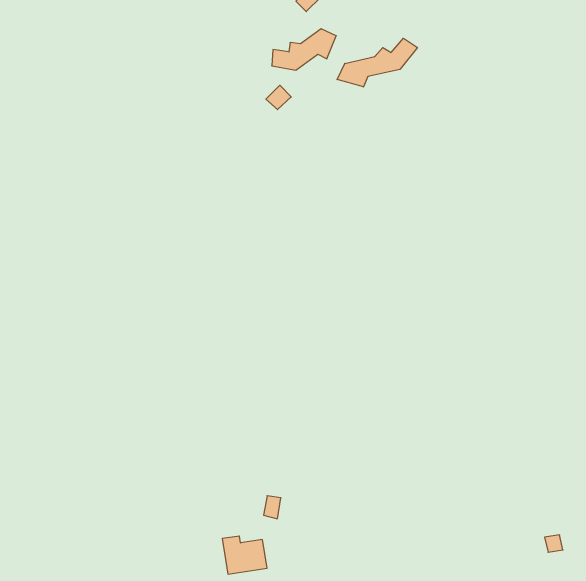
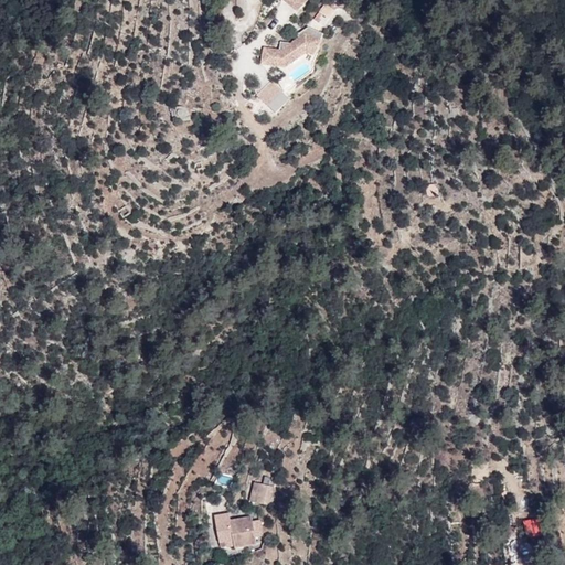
building: [337,38,417,87] -> none

